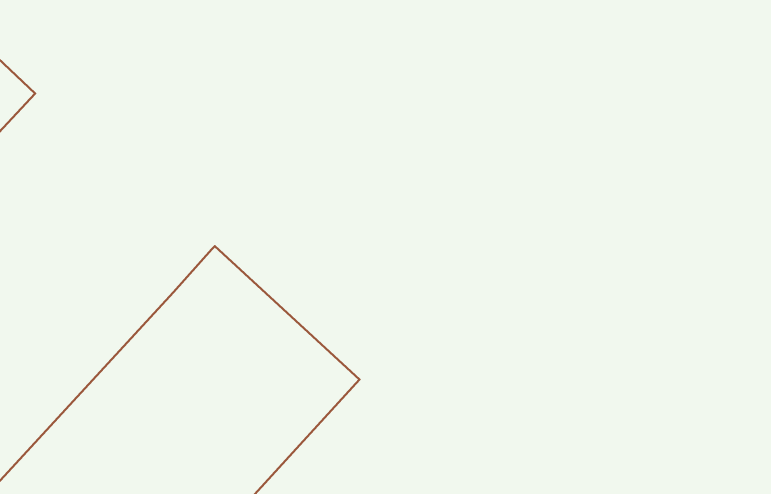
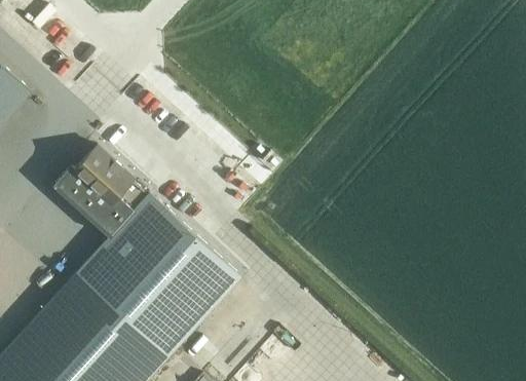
building: none -> [62,146,142,224]

